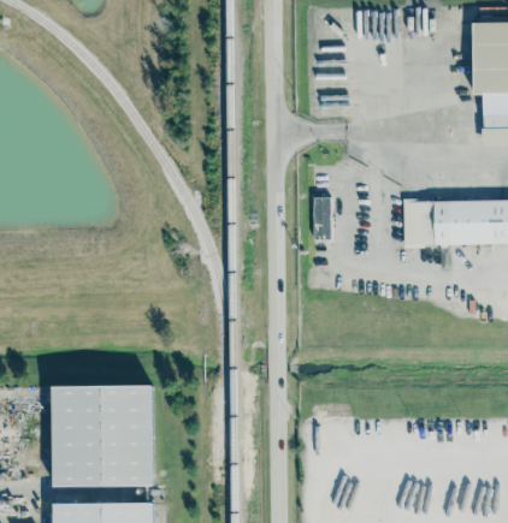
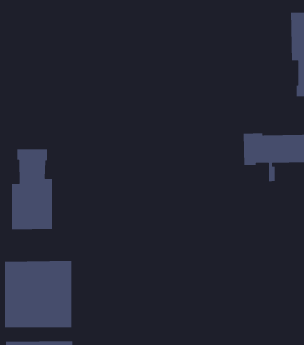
building: [314,197,331,240] -> none
building: none -> [11,148,53,230]

